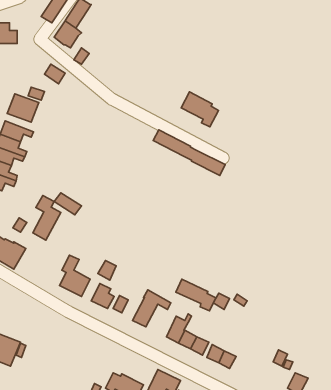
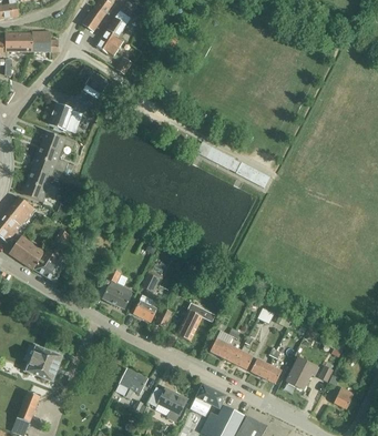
building: [181,92,219,127] -> none
building: [33,195,61,240] -> none
building: [176,279,216,311] -> none
building: none -> [285,357,317,389]
building: none -> [119,368,146,398]

